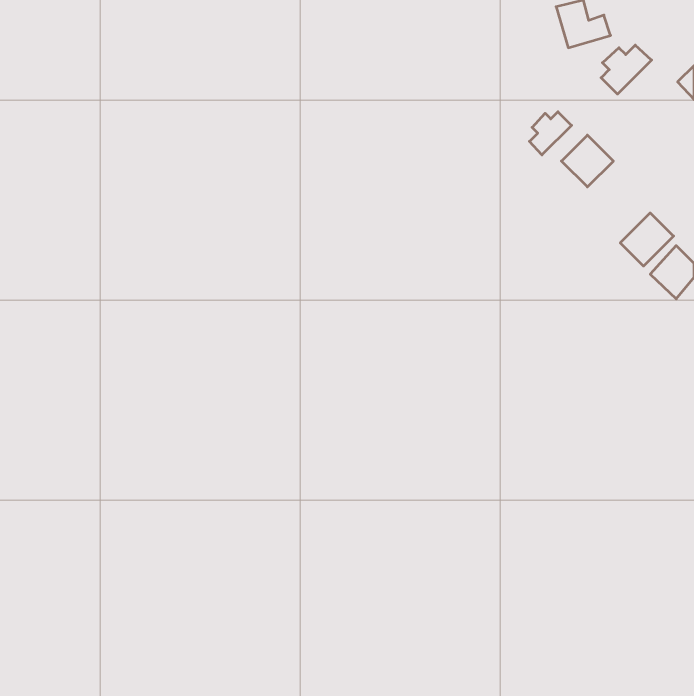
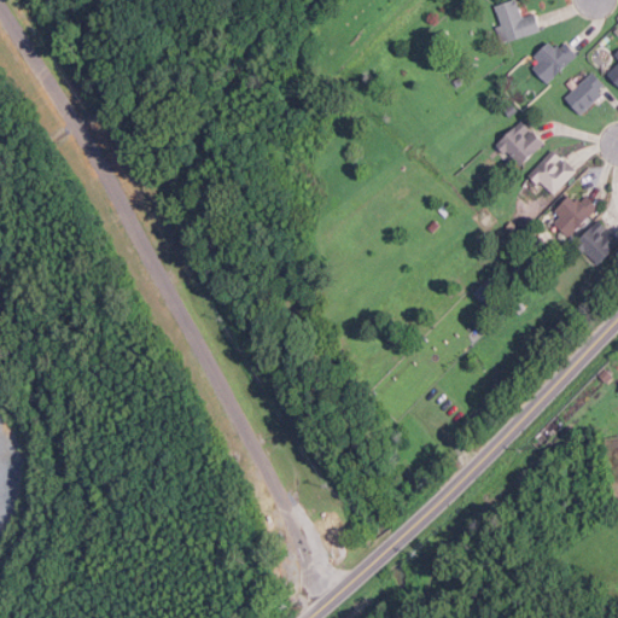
building: none -> [564,72,606,116]
building: [529,112,572,155] -> none
building: none -> [527,150,573,196]

